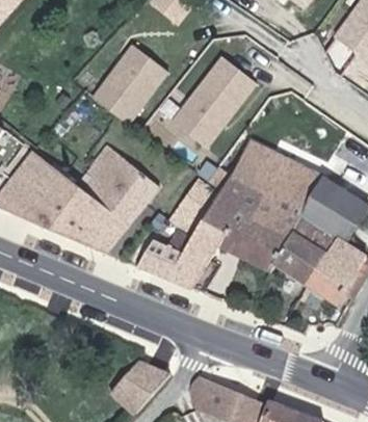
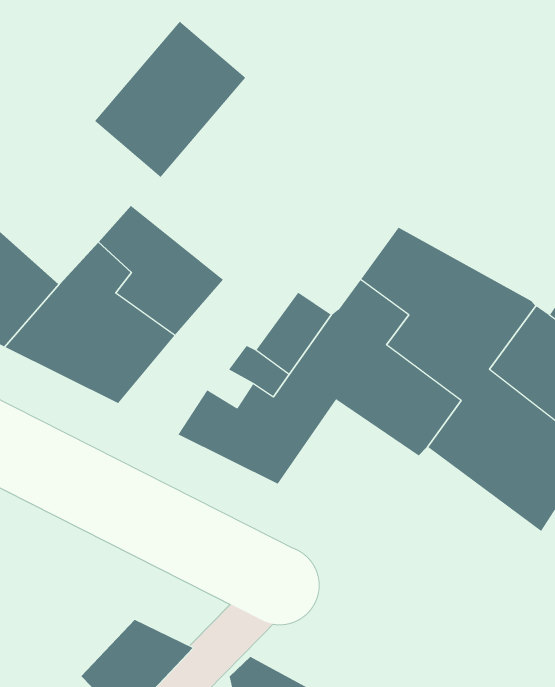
building: [168,58,255,151] -> none

